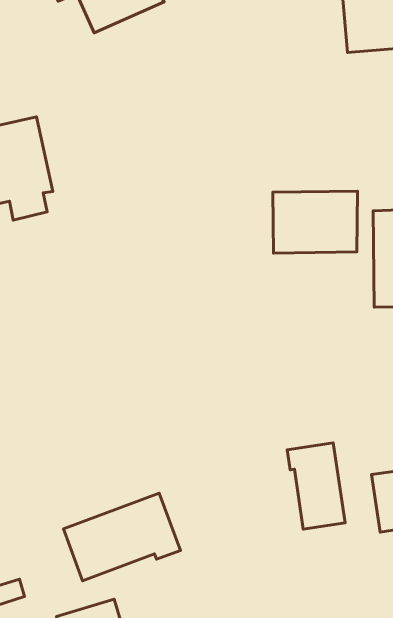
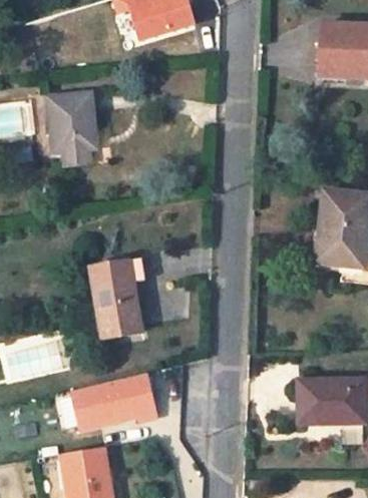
building: [273,191,357,253] -> none
building: none -> [90,260,142,338]
building: [287,443,345,529] -> none

